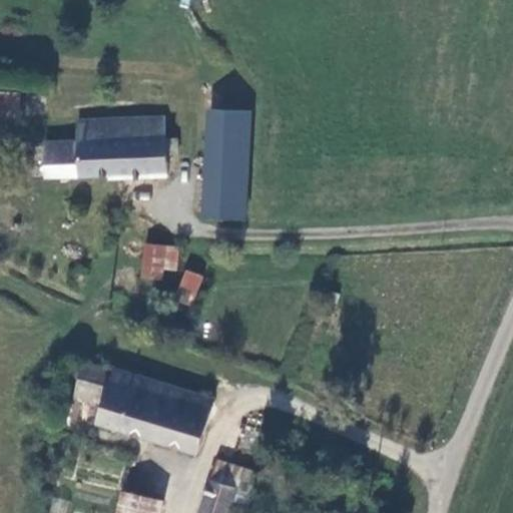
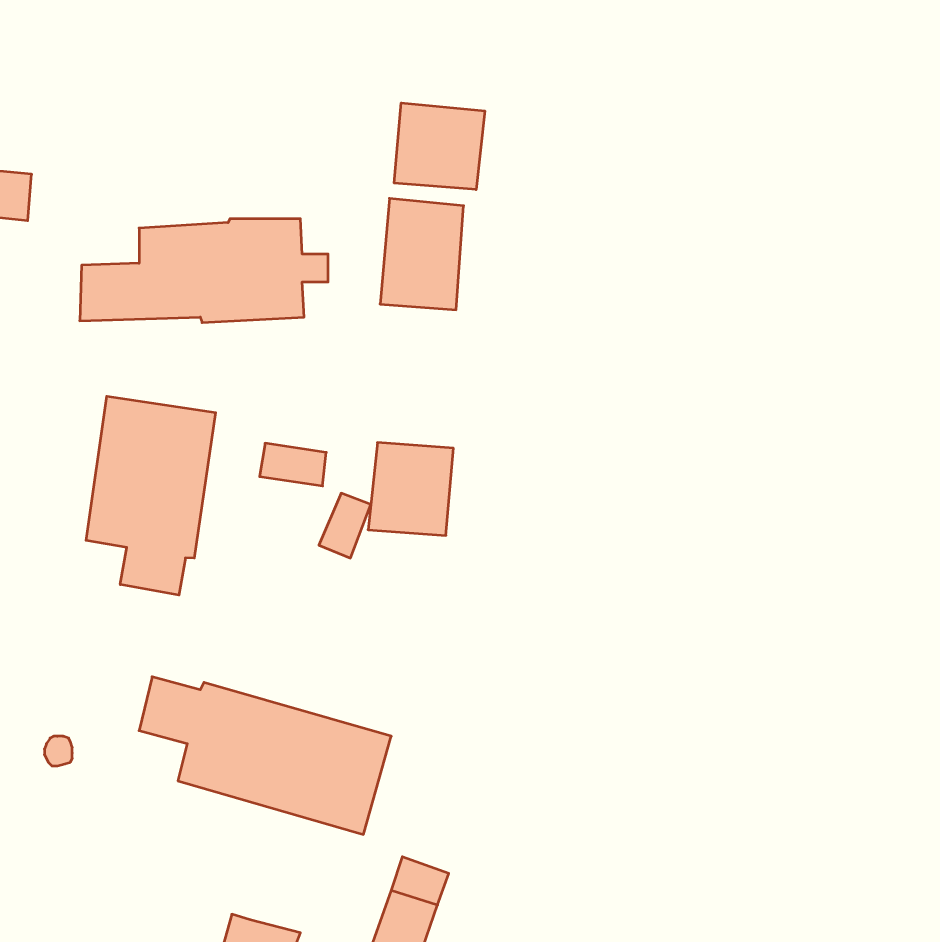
building: none -> [394,103,485,190]
building: [200,167,246,217] -> [368,443,453,535]
building: none -> [86,396,216,595]

